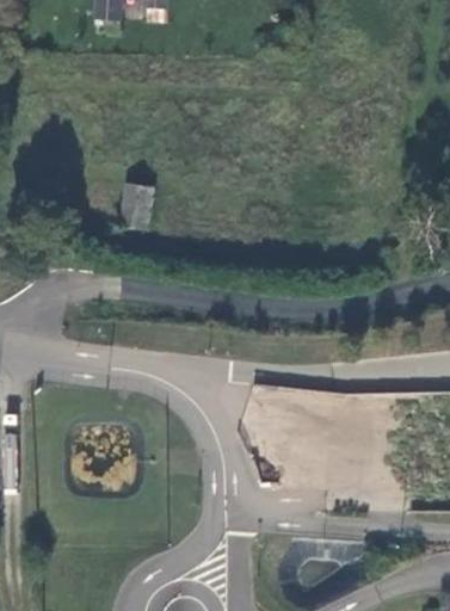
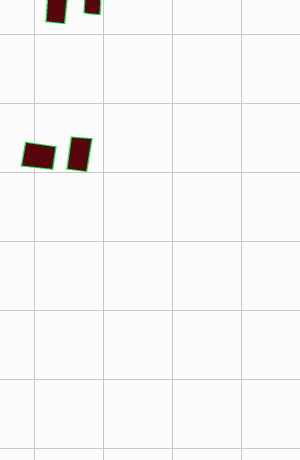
building: none -> [21,142,56,170]

